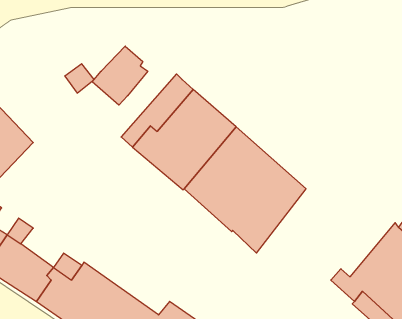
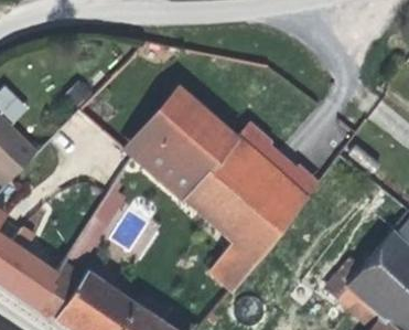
building: [92,46,148,105] -> none
building: none -> [237,120,321,199]
building: none -> [211,239,257,289]

